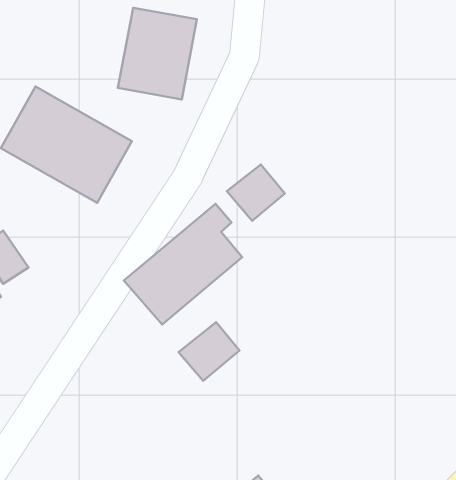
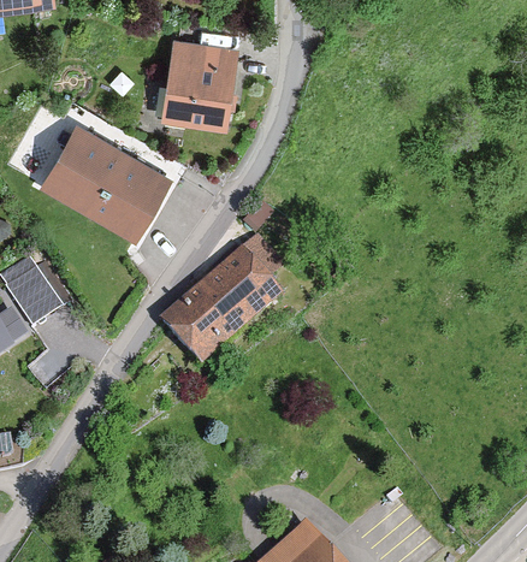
building: [227,165,285,221] -> none
building: [178,322,240,381] -> none

